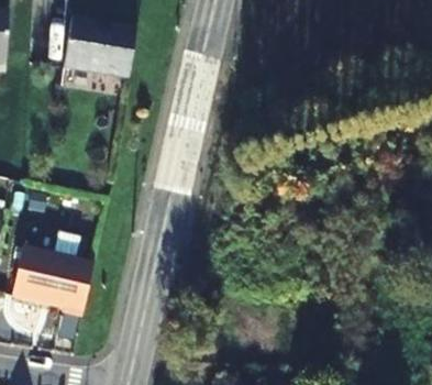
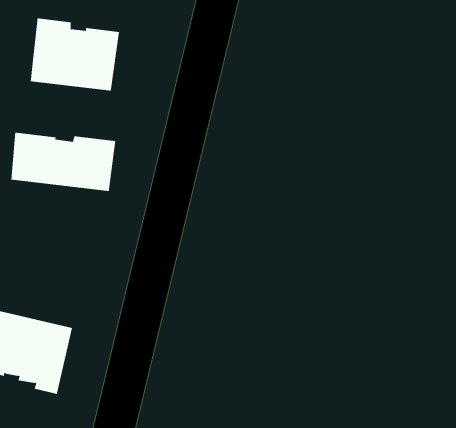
building: none -> [11,132,116,192]

